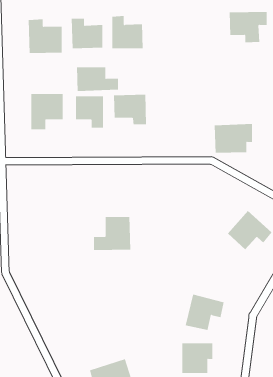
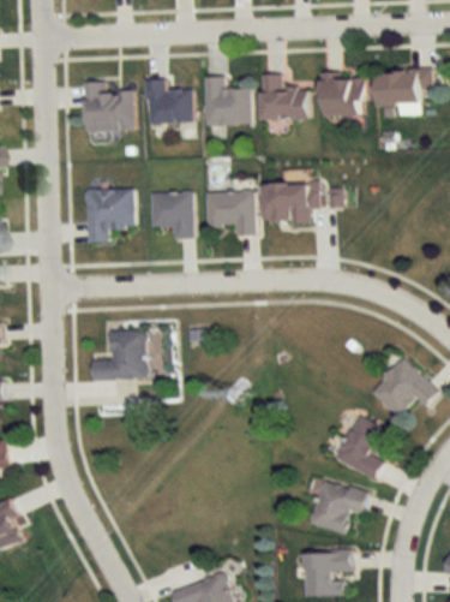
building: none -> [260,74,307,119]
building: none -> [322,74,365,115]
building: [76,66,119,92] -> none
building: [214,123,253,153] -> [263,180,319,223]
building: [93,217,131,251] -> [92,330,148,380]
building: none -> [335,416,390,479]

